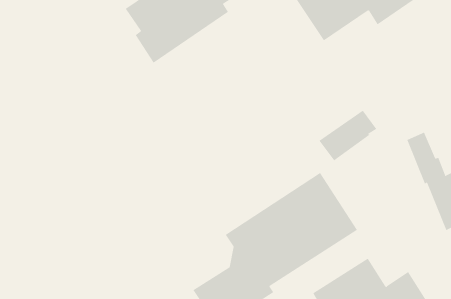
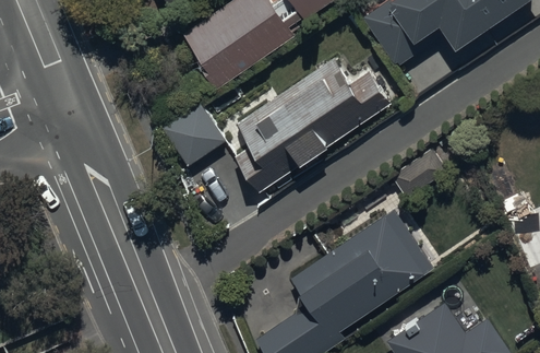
building: none -> [236,59,391,192]
building: none -> [161,103,225,166]

